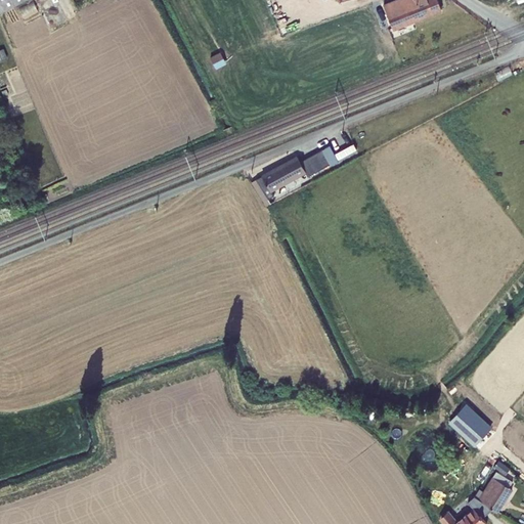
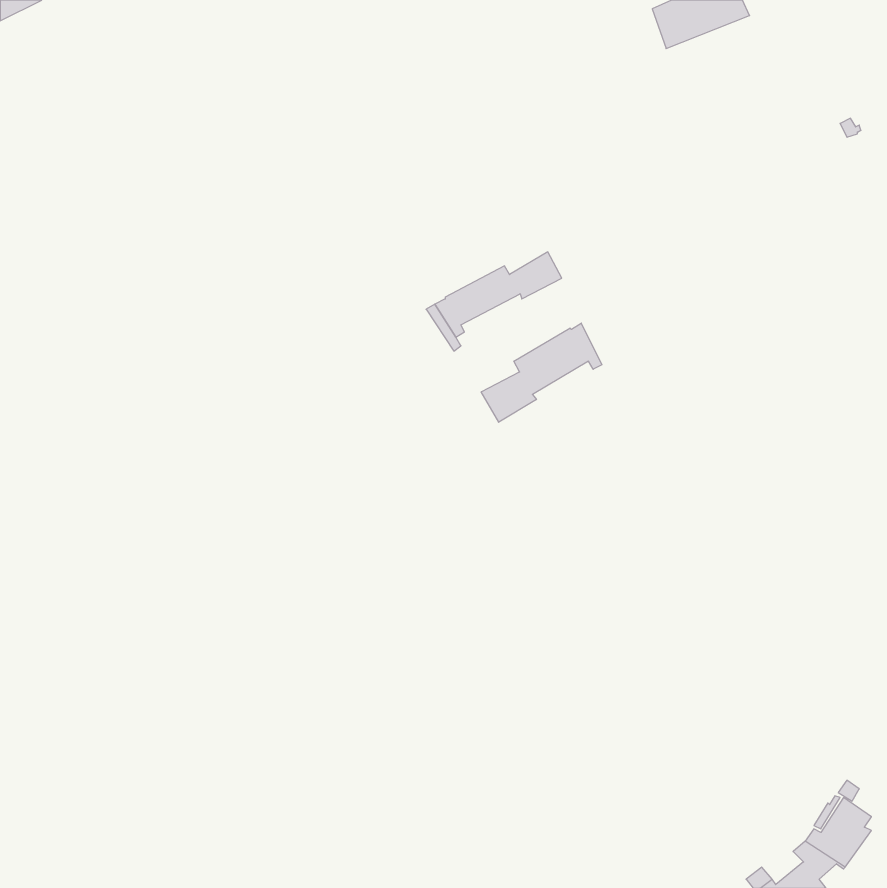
building: none -> [481,323,602,422]
building: [450,402,494,445] -> none

